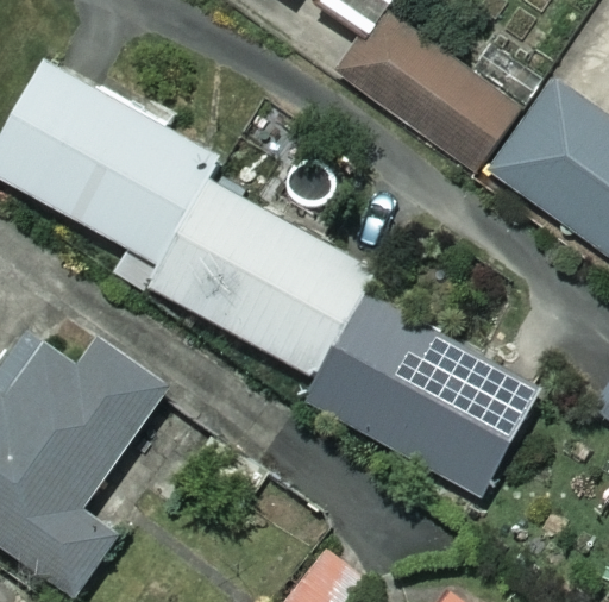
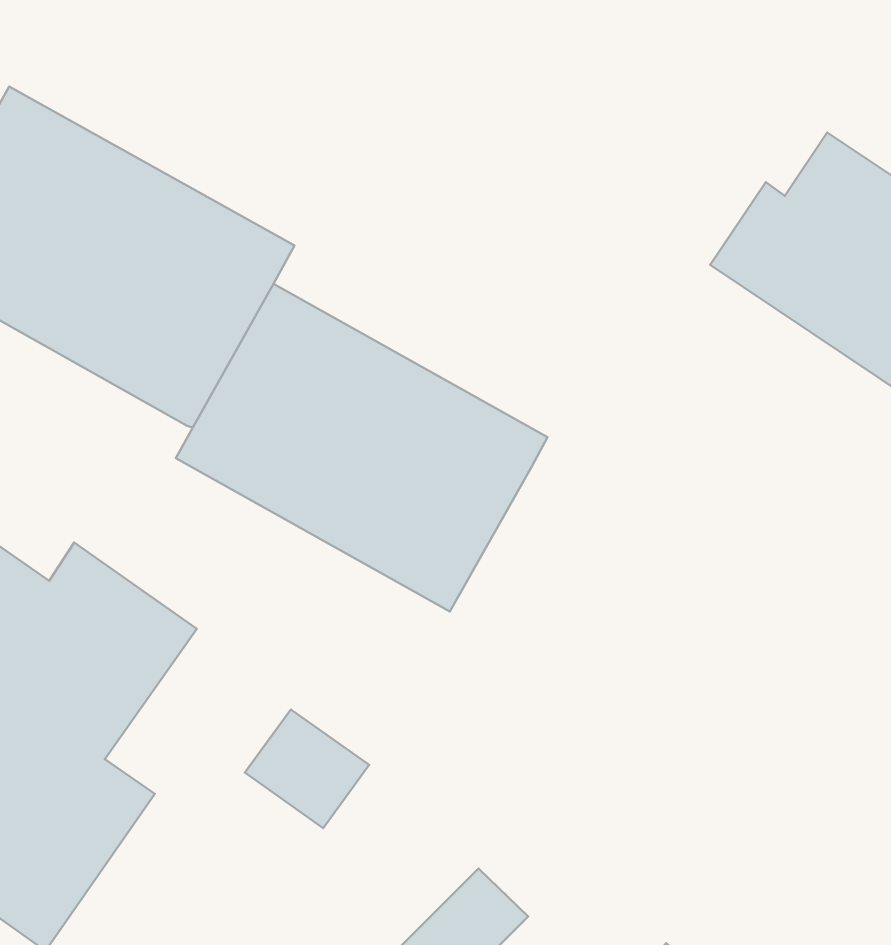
building: [345,13,517,167] -> none
building: [308,291,541,498] -> none

